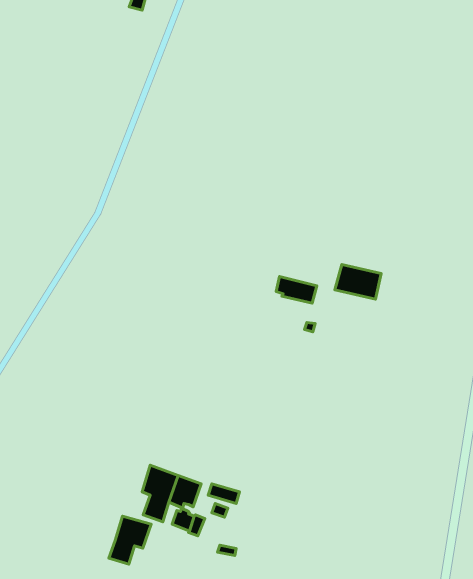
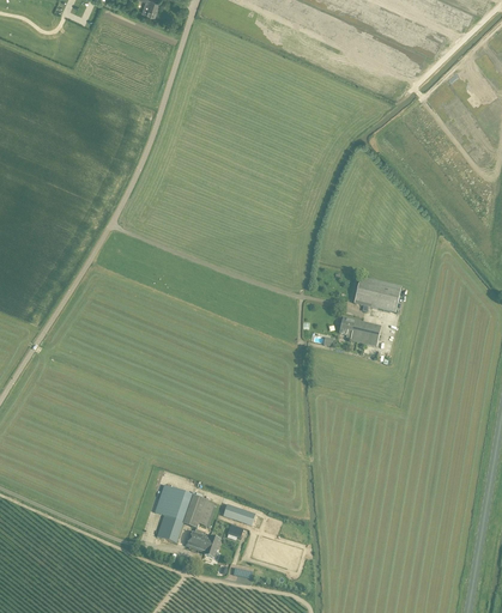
building: [276,276,317,303] -> [339,316,381,344]
building: [109,516,151,564] -> none

